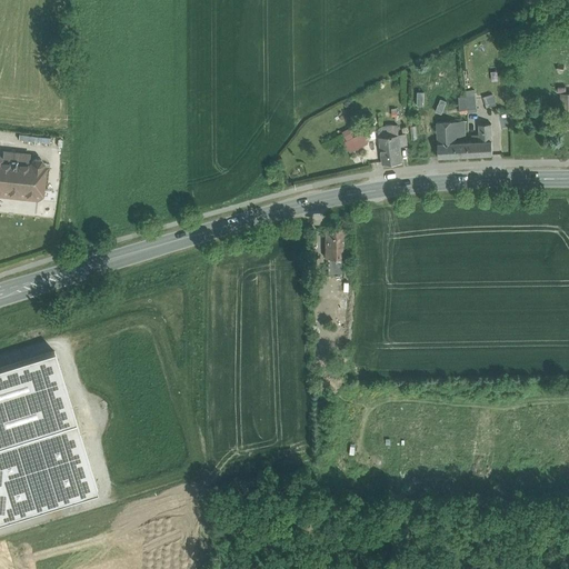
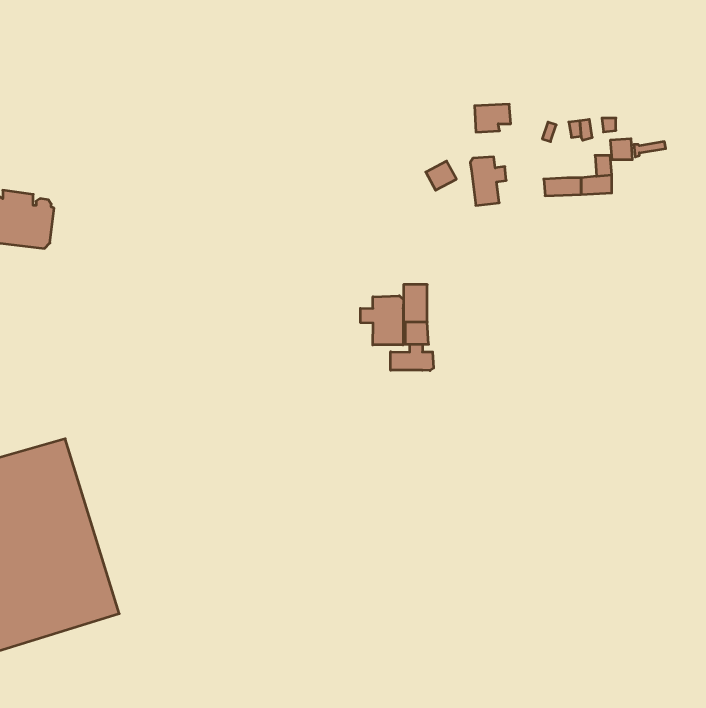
building: [435,122,463,144] -> [475,104,511,132]
building: none -> [360,296,404,345]
building: none -> [391,344,434,371]

